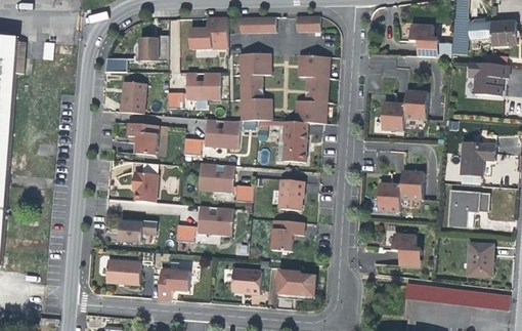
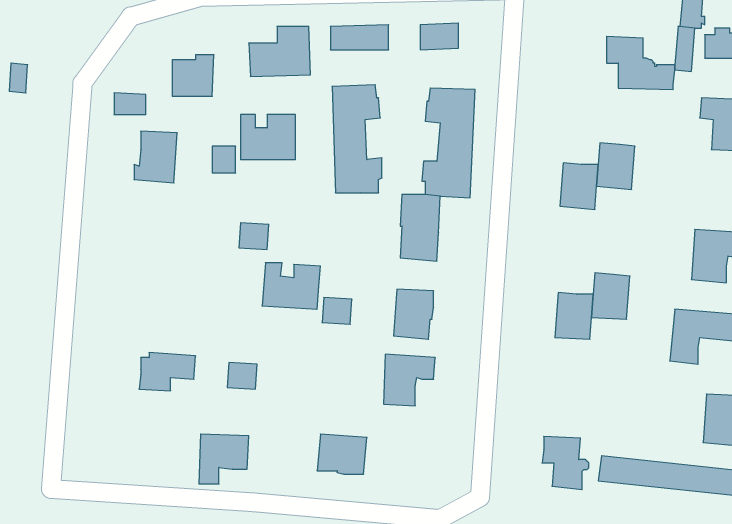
building: [204,119,241,149] -> none
building: [128,123,159,154] -> none
building: [133,172,157,202] -> none
building: [198,205,233,235] -> none
building: [392,233,421,265] -> [542,436,589,490]
building: [106,260,141,285] -> none
building: [278,270,312,296] -> none

